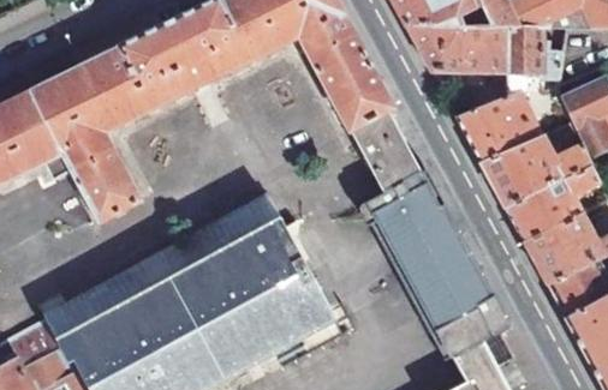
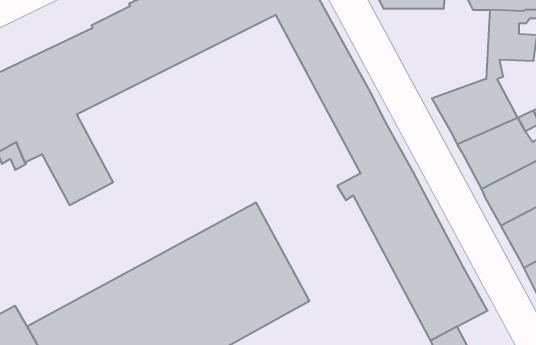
building: [407,29,513,118] -> none
building: [41,197,281,343] -> none

